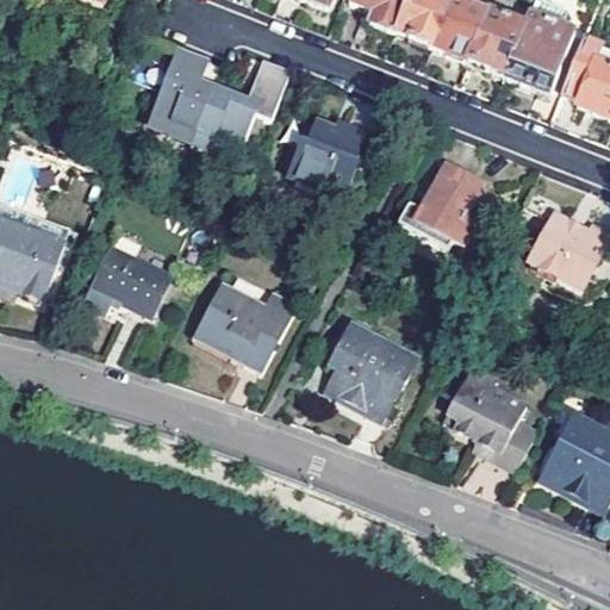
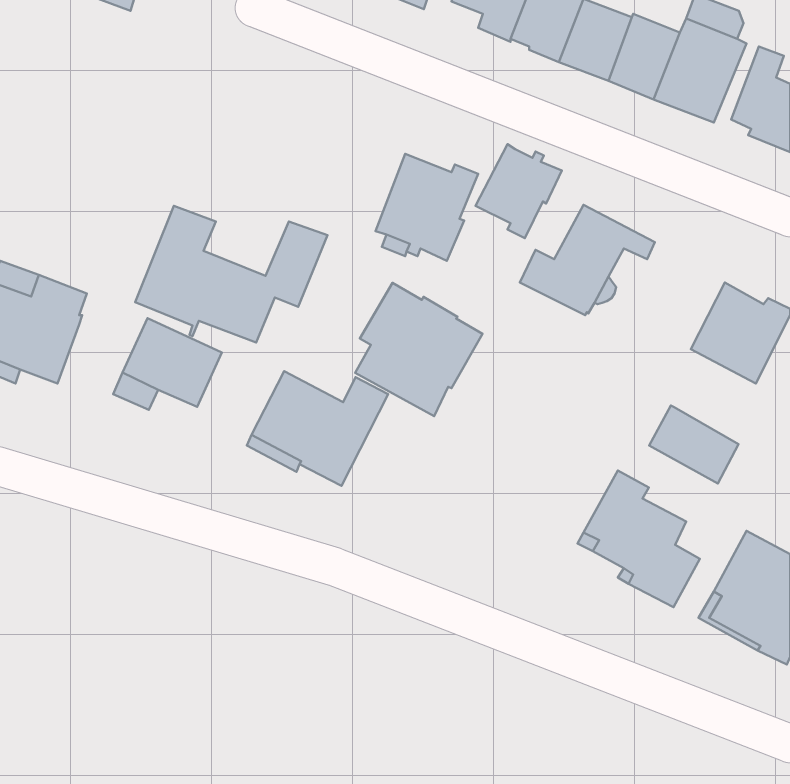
building: [145,46,293,151] -> [135,206,328,342]
building: none -> [476,144,562,238]
building: none -> [649,406,738,483]
building: [319,318,417,421] -> [355,283,482,416]

